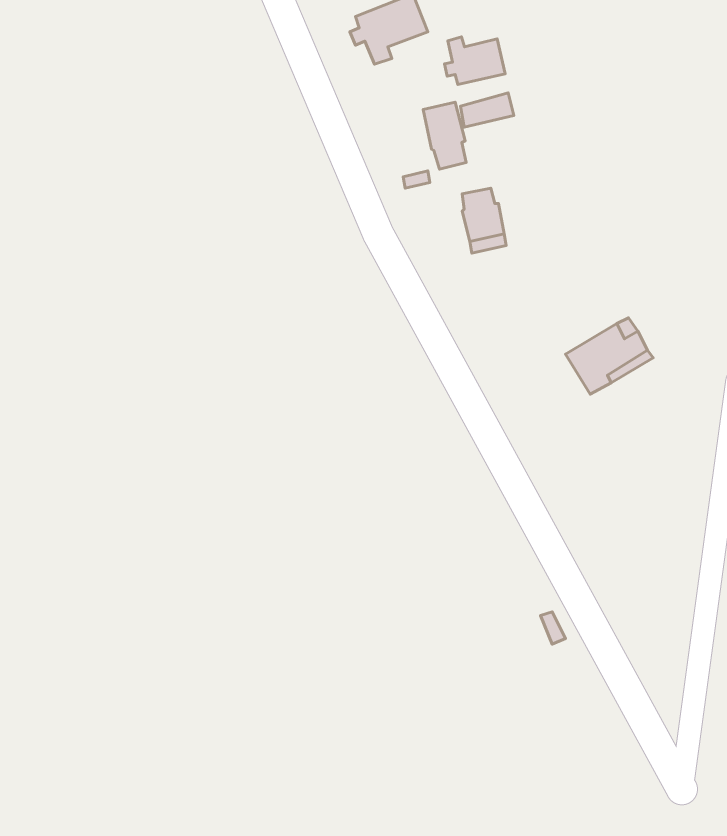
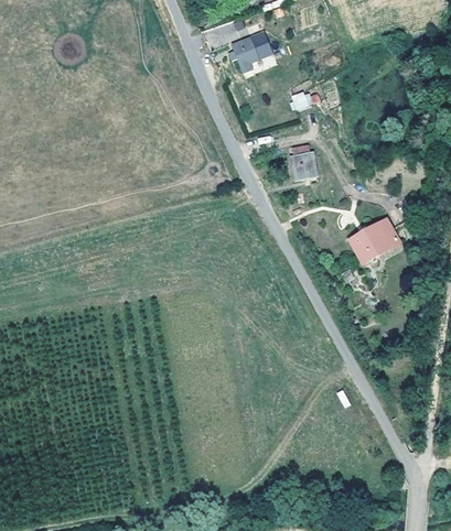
building: [445,37,505,85] -> none
building: [423,102,466,169] -> none

